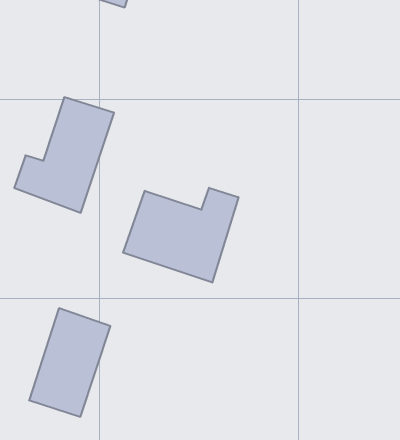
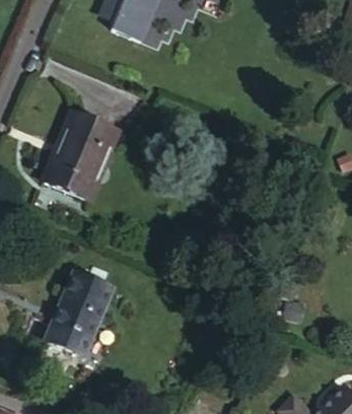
building: [123,188,238,283] -> none

